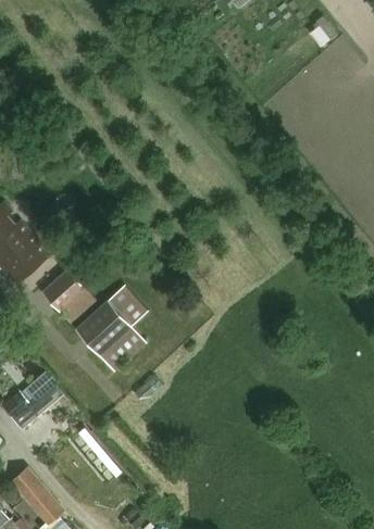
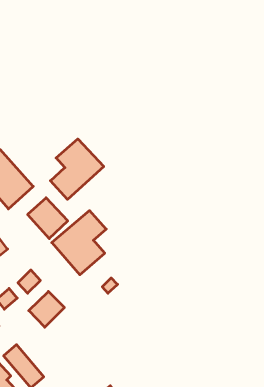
building: none -> [50,139,104,199]
building: none -> [29,291,64,327]

